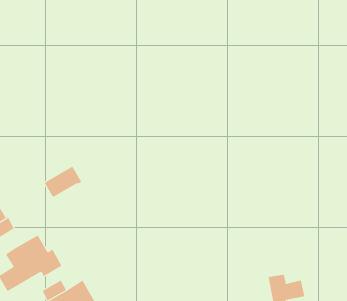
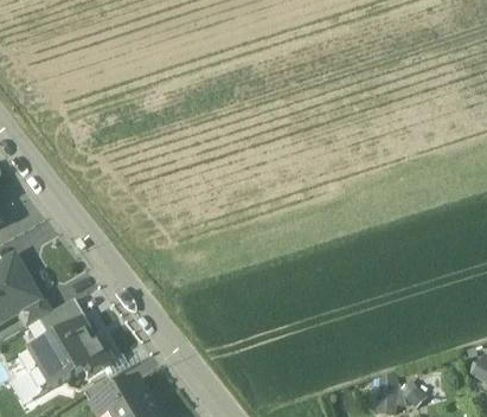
building: [44,166,82,198] -> [39,297,88,338]

